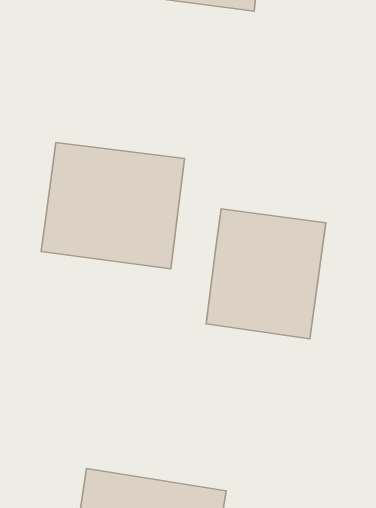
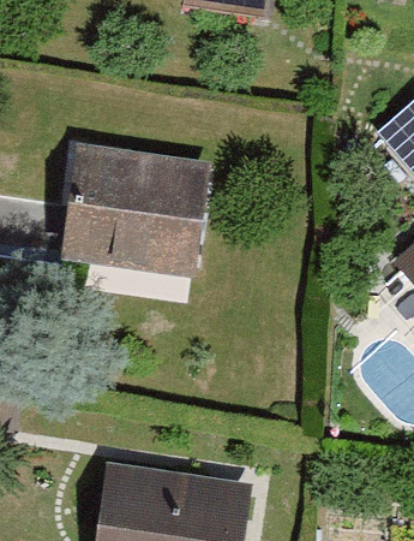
building: [206,209,326,339] -> none

